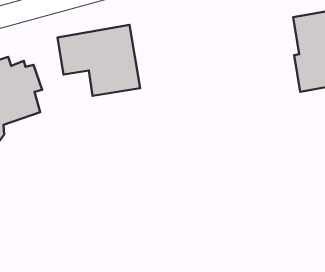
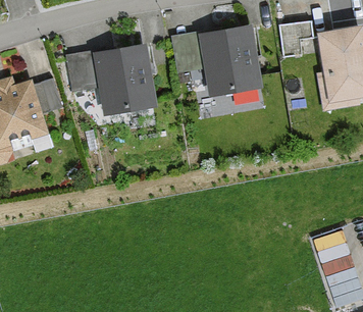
building: none -> [282,20,315,56]
building: none -> [173,25,263,97]

